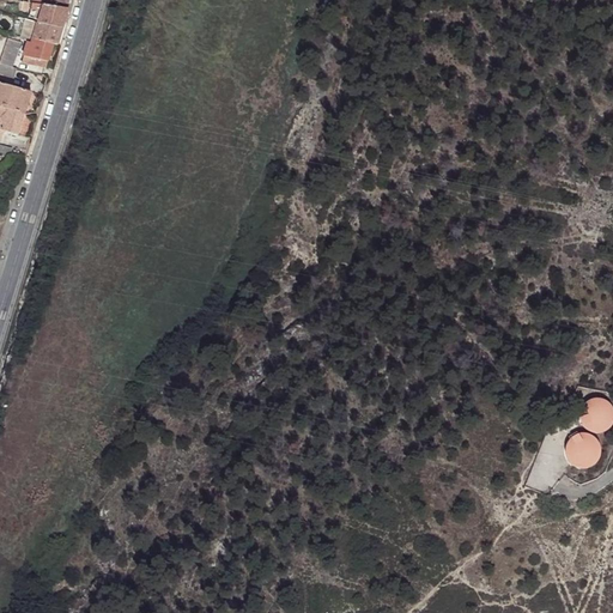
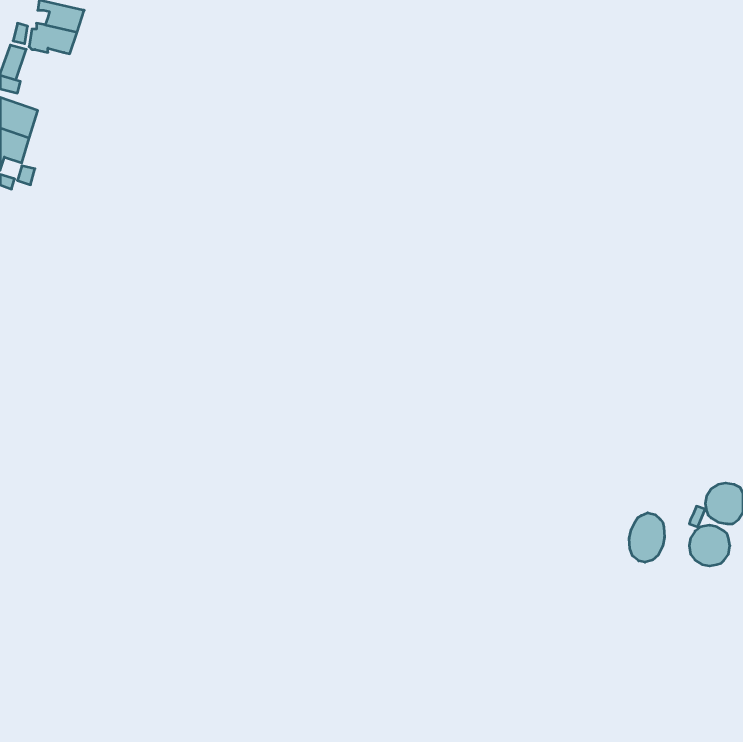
building: [22,40,53,66] -> none
building: none -> [629,513,664,562]

